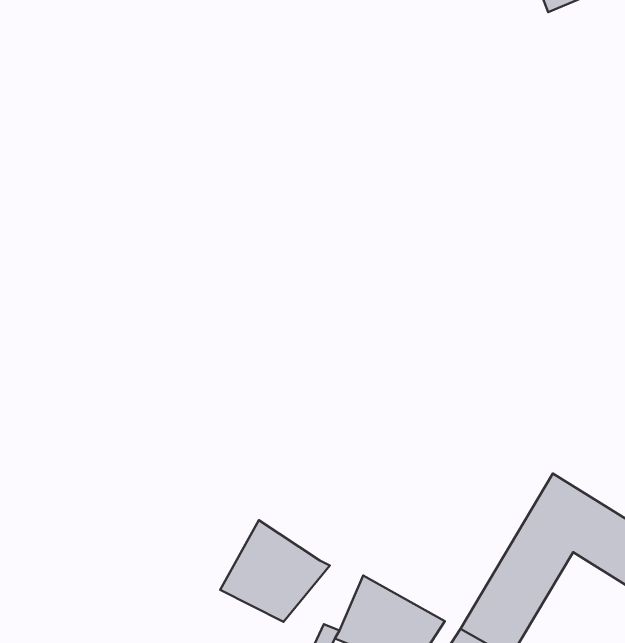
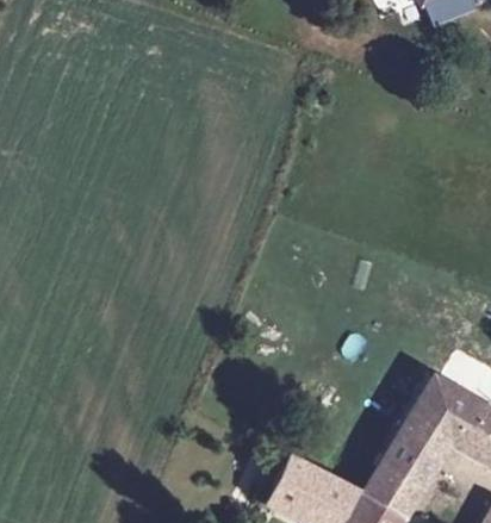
building: [220,520,330,622] -> none

